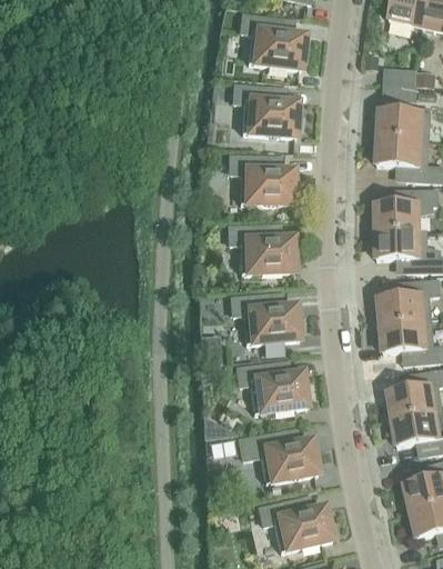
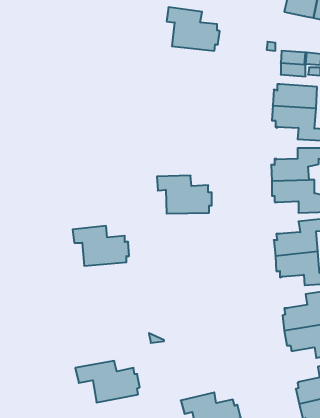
building: [233,86,301,137] -> none
building: [230,156,298,204] -> none
building: [231,293,302,343] -> [73,226,129,266]
building: [238,362,310,413] -> none
building: [239,431,320,483] -> [75,361,140,402]

